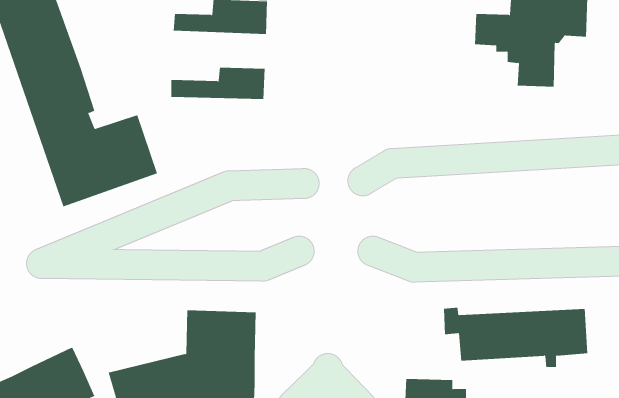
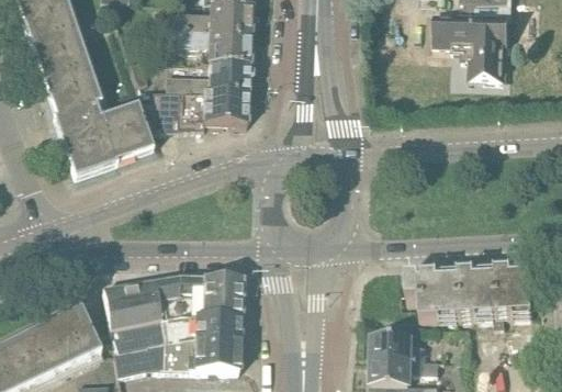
building: none -> [169,31,251,64]
building: none -> [145,89,251,131]
building: none -> [104,276,181,331]

